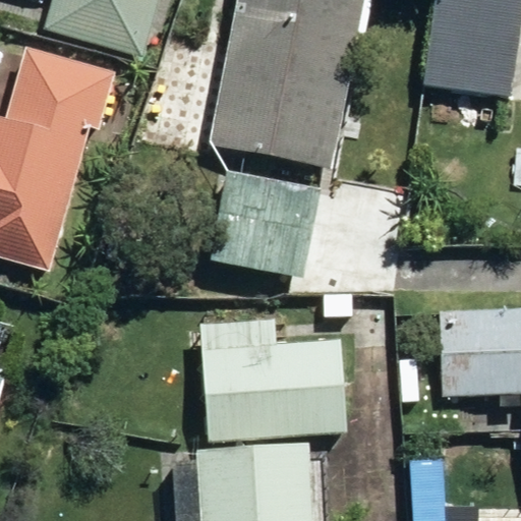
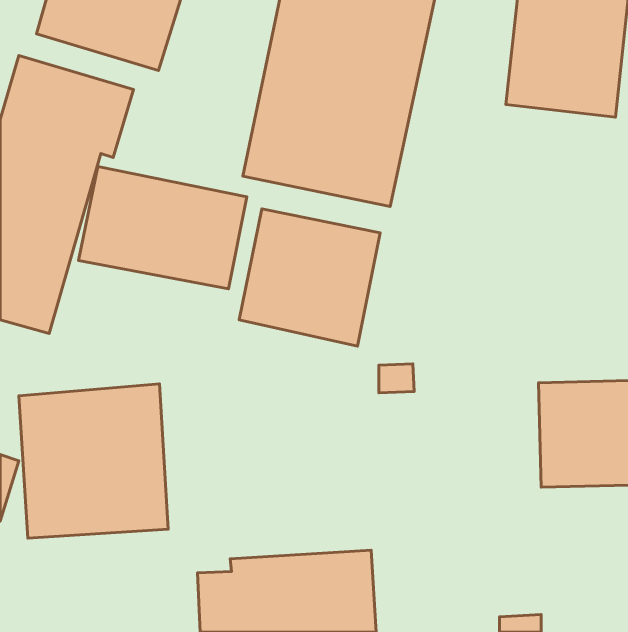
building: none -> [78,167,247,289]
building: none -> [19,384,168,538]
building: [199,322,347,441] -> none

